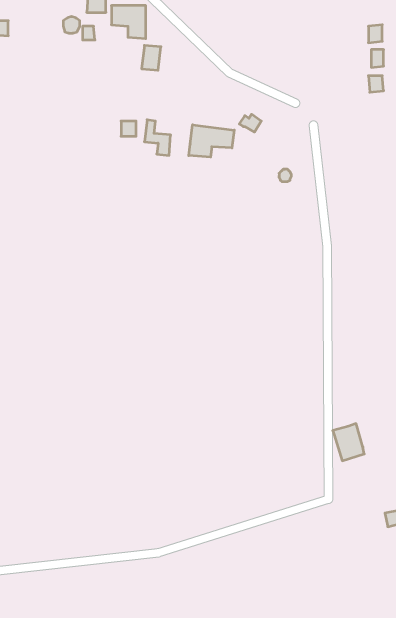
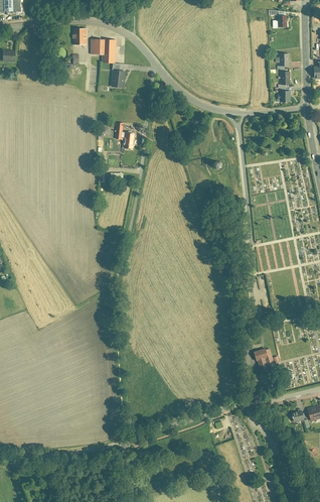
building: [189,125,234,157] -> none

